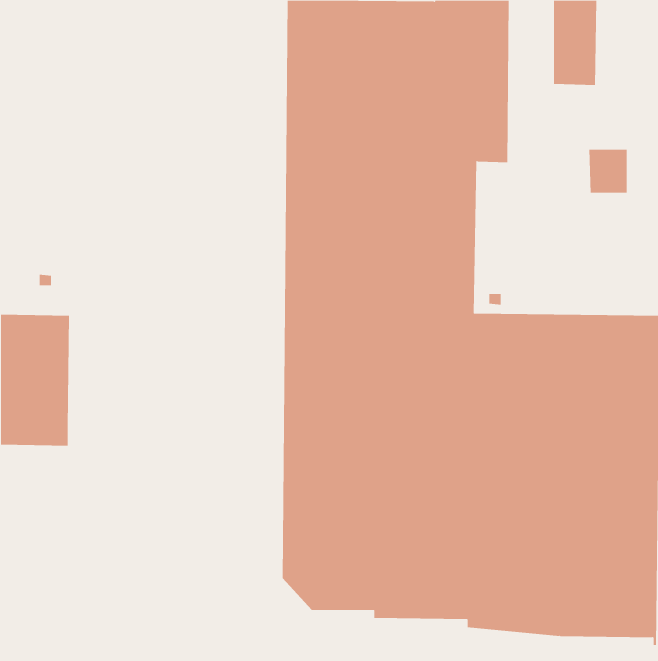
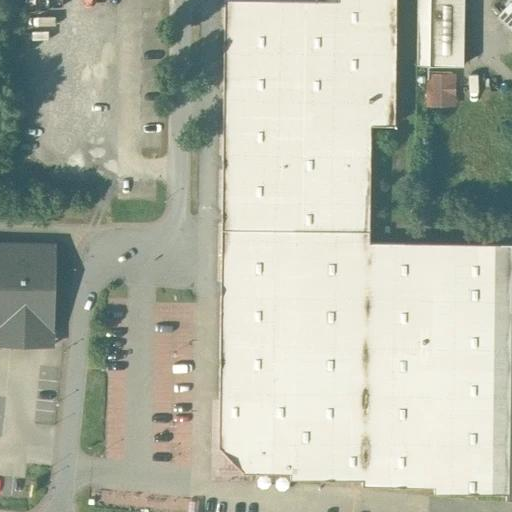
building: [589,149,627,193] -> [427,72,457,106]

